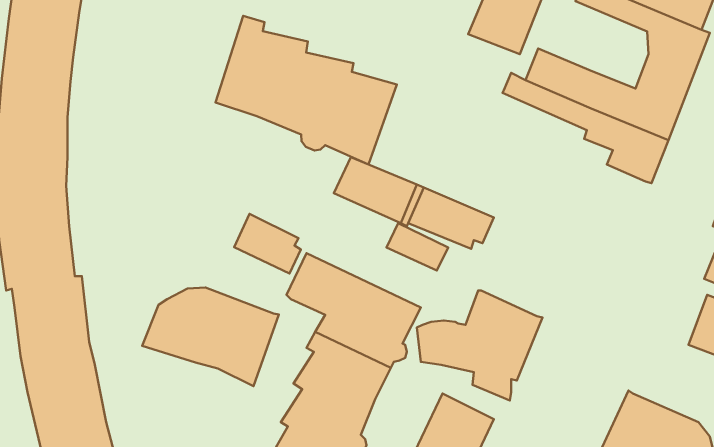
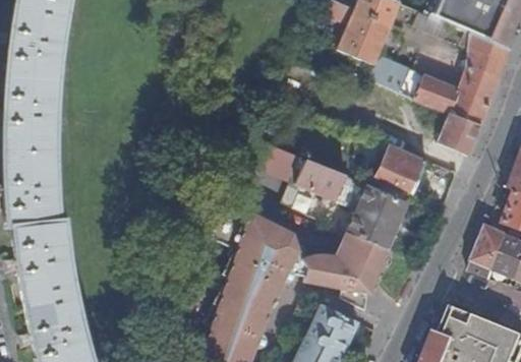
building: [215,16,397,165] -> none
building: none -> [378,145,427,192]
building: [234,214,301,274] -> none
building: none -> [348,183,407,249]
building: none -> [471,226,509,275]
building: [142,287,279,386] -> none

